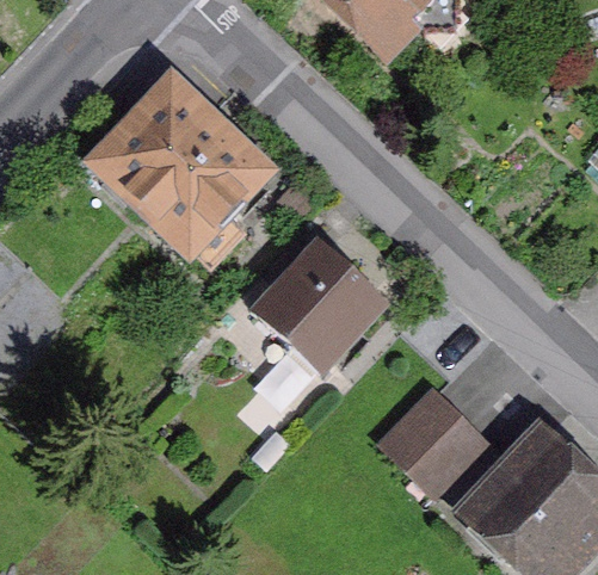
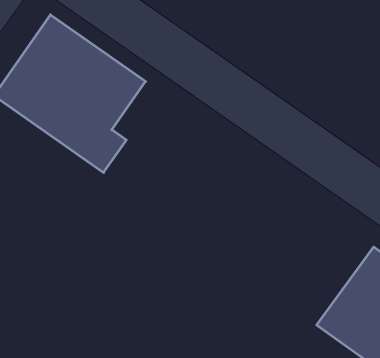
building: [252,239,390,377] -> none
building: [376,389,491,501] -> none

